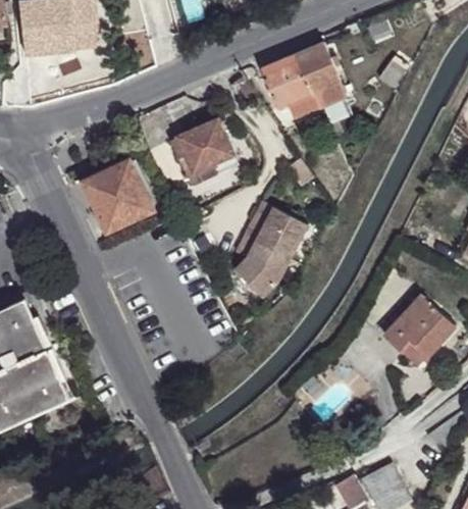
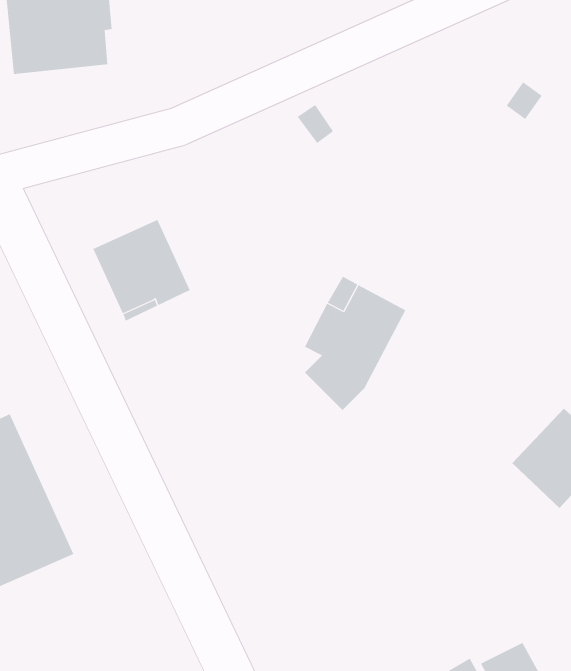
building: [260,42,347,118] -> none
building: [171,118,237,185] -> none

